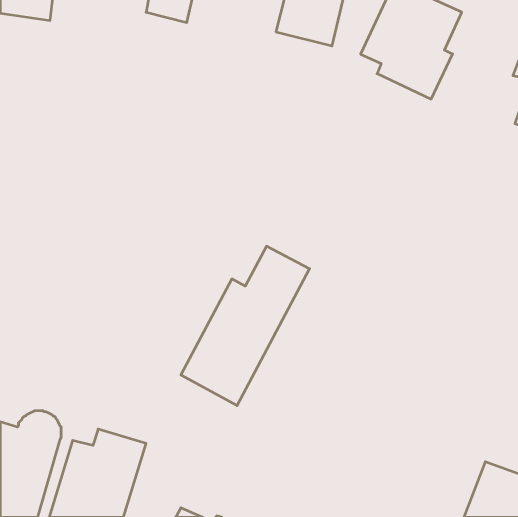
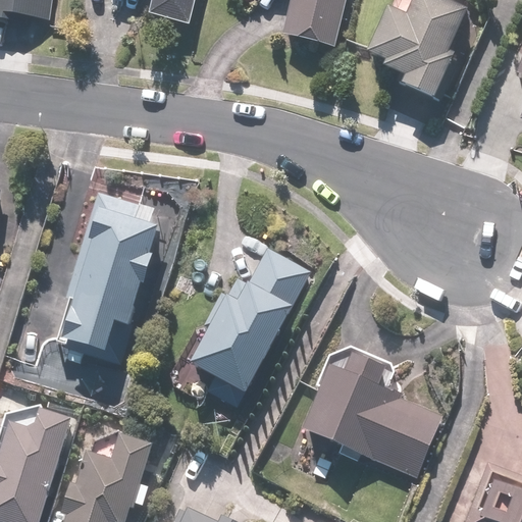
building: none -> [55,178,163,359]
building: none -> [302,355,443,475]

